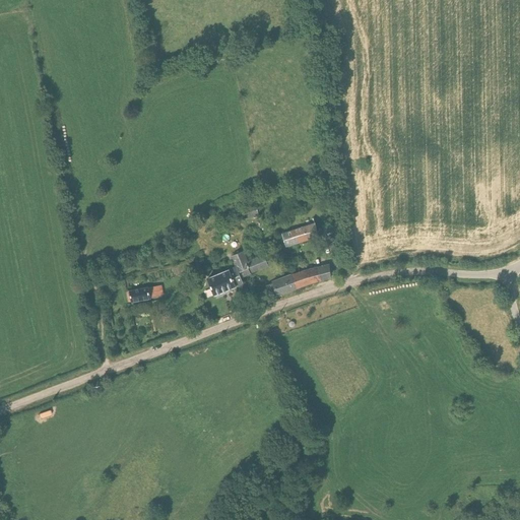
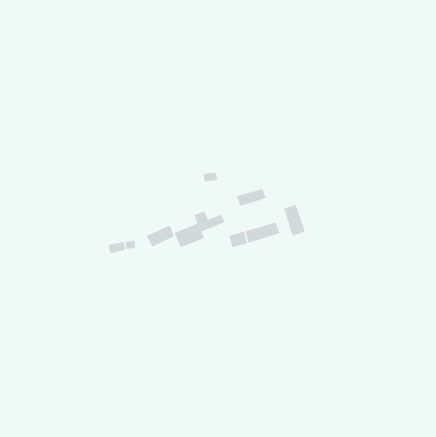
building: none -> [283,204,306,237]
building: none -> [146,225,175,248]

